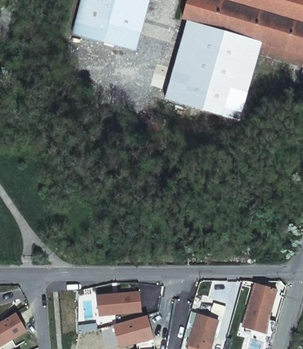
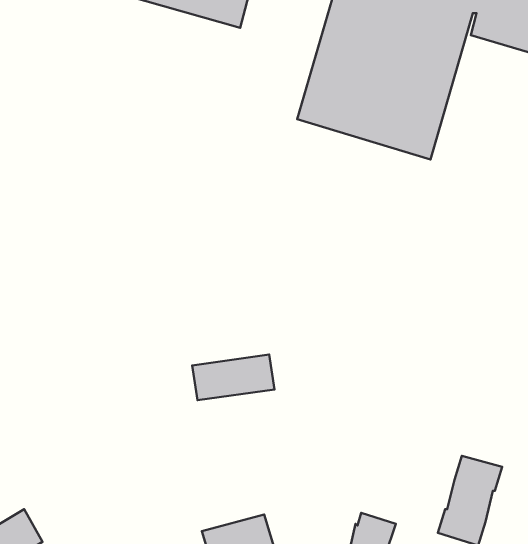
building: [97,290,142,315] -> [192,355,275,400]

